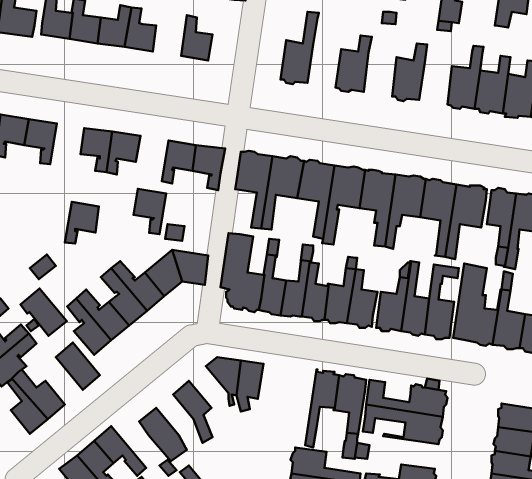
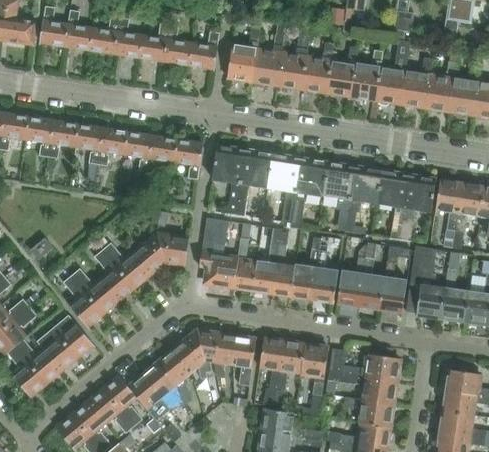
building: none -> [227,19,261,82]
building: none -> [139,24,169,61]
building: none -> [276,25,310,90]
building: none -> [188,31,219,69]
building: none -> [326,46,358,97]
building: none -> [375,54,407,105]
building: [133,189,166,234] -> [124,132,153,172]
building: [65,202,99,244] -> [48,121,78,158]
building: [20,289,67,336] -> [36,328,77,370]
building: none -> [232,334,256,386]
building: none -> [171,336,207,378]
building: none -> [259,337,284,406]
building: none -> [142,361,183,408]
building: none -> [102,375,141,426]
building: none -> [342,398,393,427]

